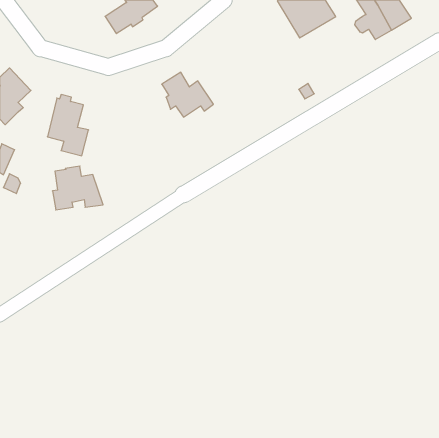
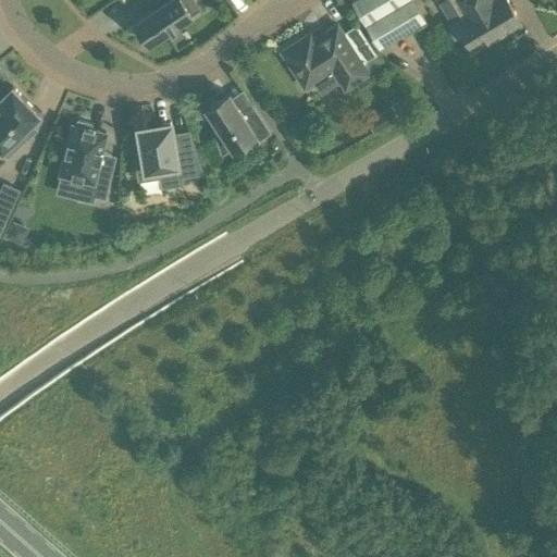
building: none -> [282,27,367,89]
building: [52,166,103,210] -> [135,124,199,180]

